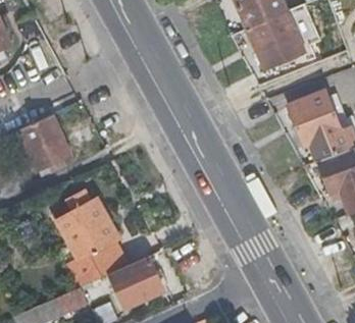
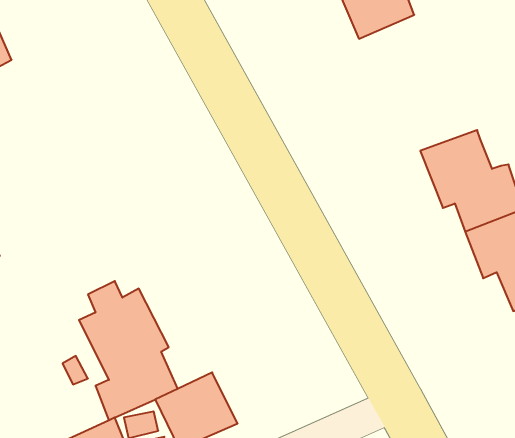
building: [246,12,302,70] -> none
building: [14,114,70,173] -> none

